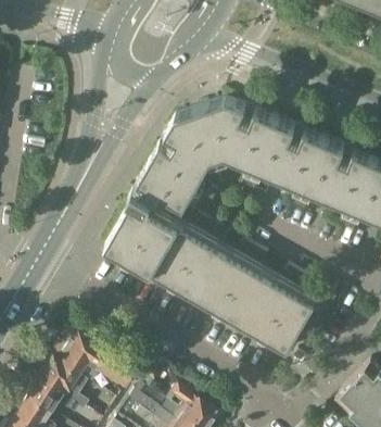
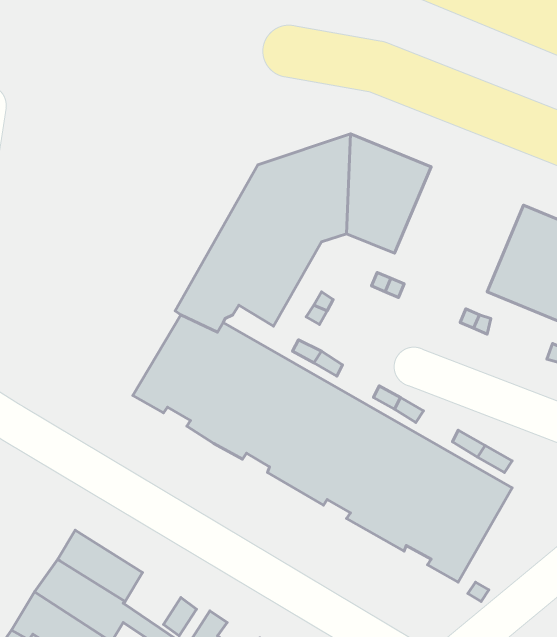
building: [252,121,325,191] -> none

